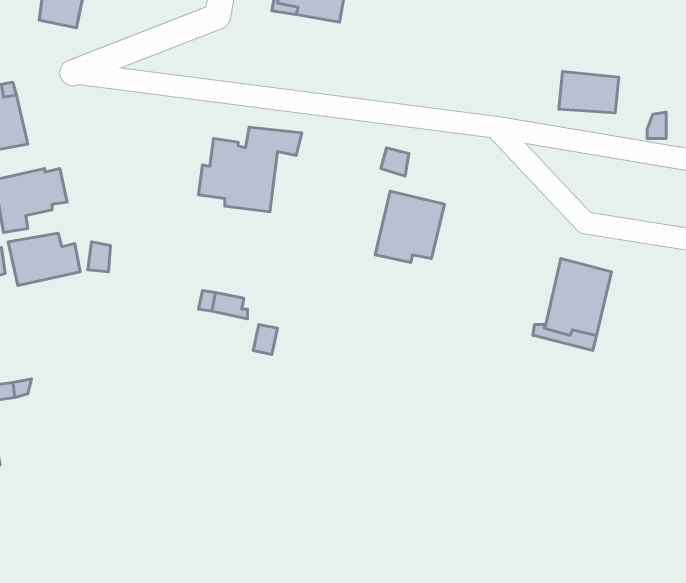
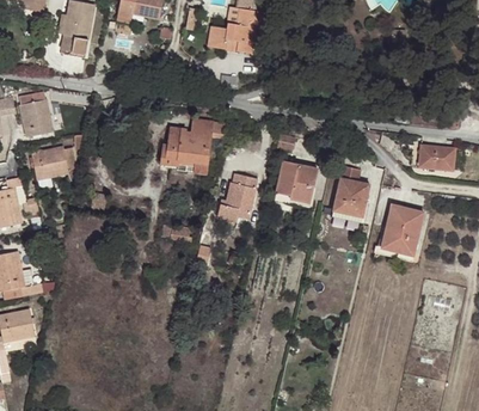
building: [559,72,619,113] -> [418,143,456,170]
building: none -> [332,165,370,222]
building: none -> [217,172,258,221]
building: [8,233,80,286] -> none

